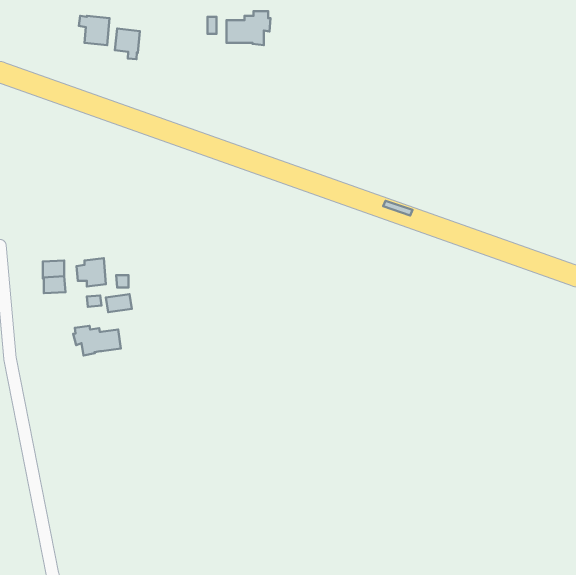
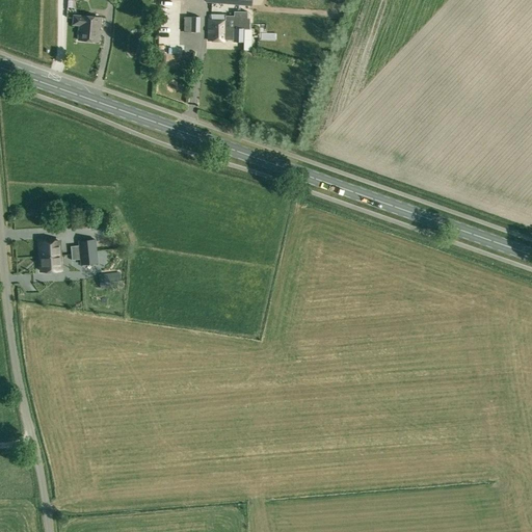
building: [115,28,140,59] -> none
building: [73,326,121,356] -> none

